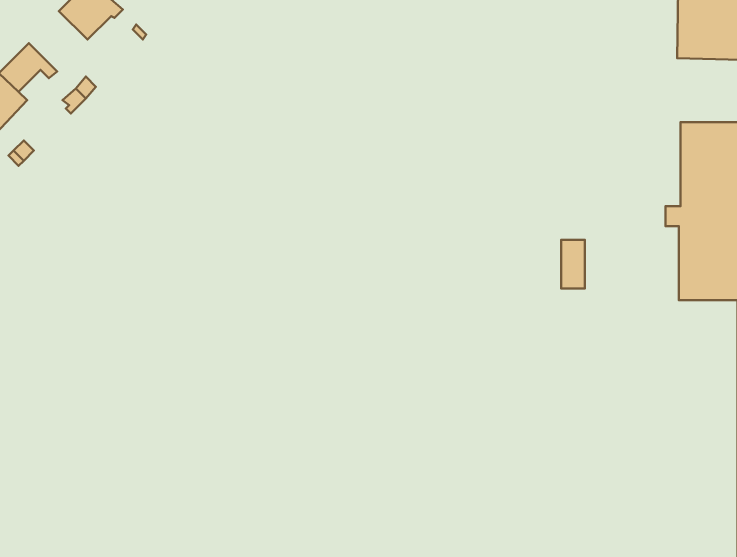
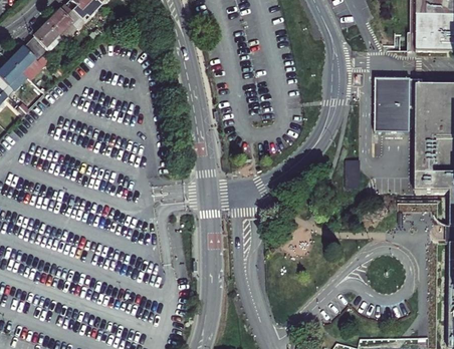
building: none -> [28,21,63,57]
building: none -> [376,79,423,137]

